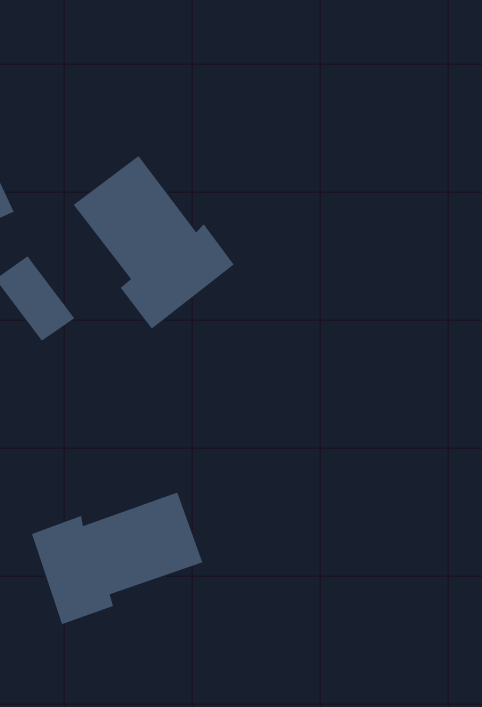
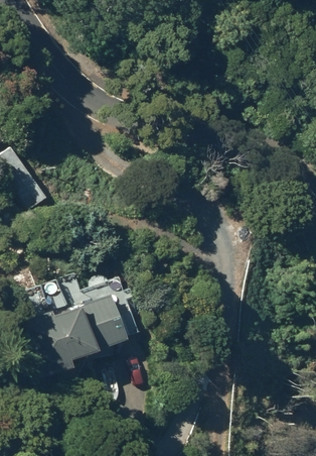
building: [73,155,234,330] -> none

